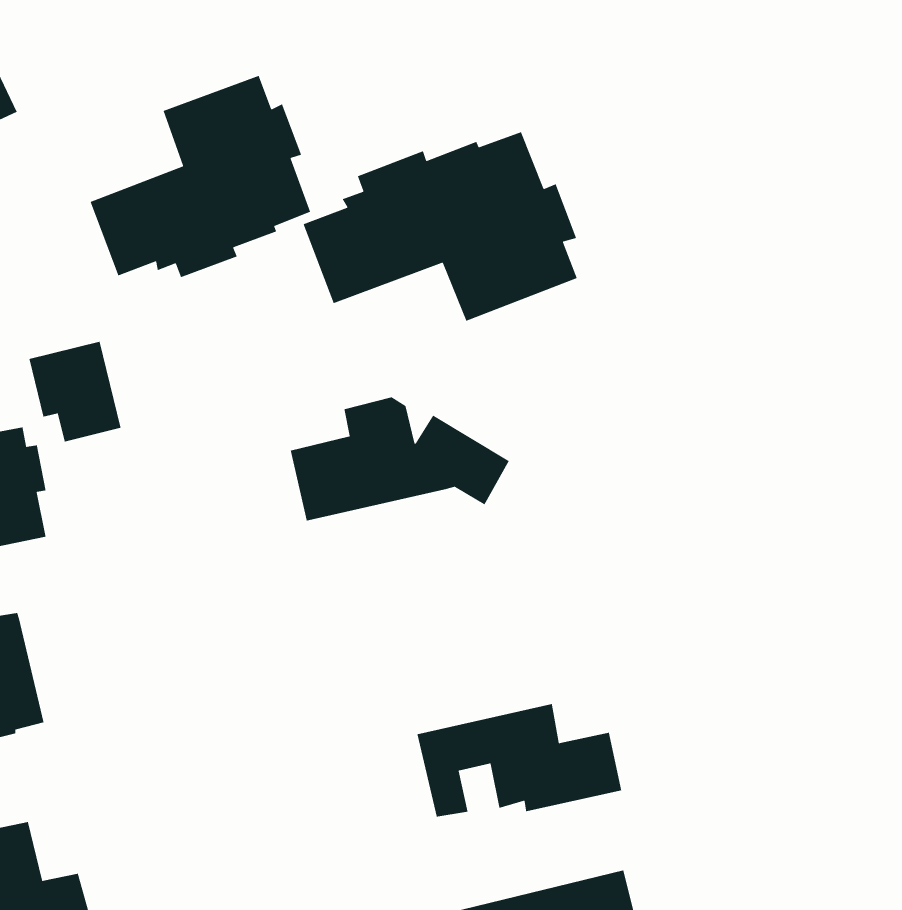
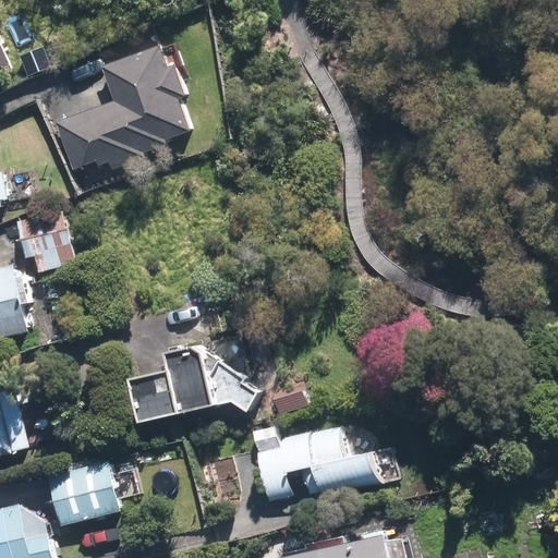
building: [303,131,578,322] -> none
building: [290,396,510,522] -> [131,342,265,418]
building: none -> [51,463,121,524]

